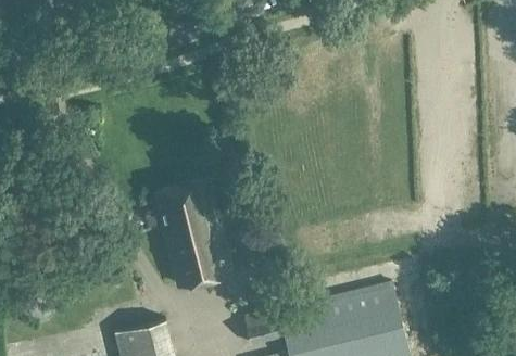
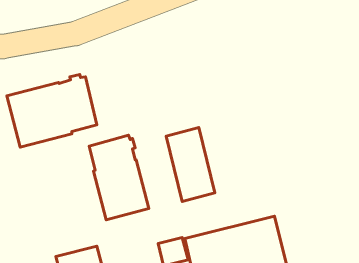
building: none -> [7,74,97,147]
building: none -> [166,128,215,201]

